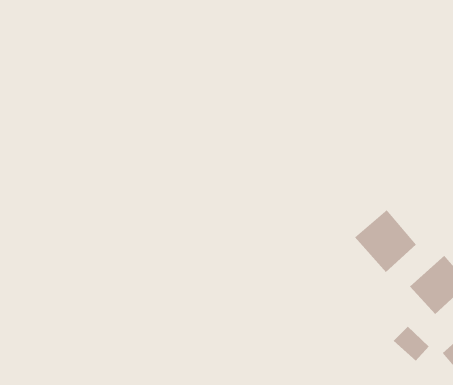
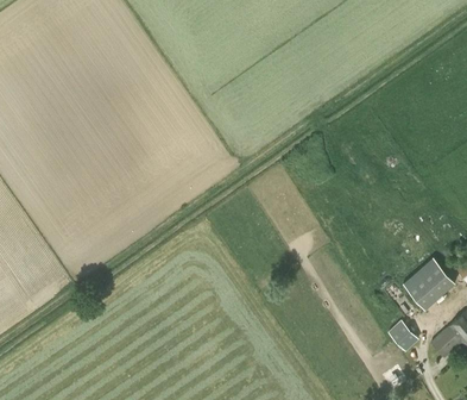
building: [354,209,417,273] -> none

